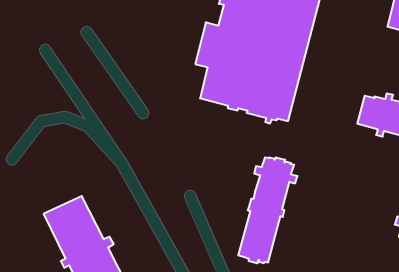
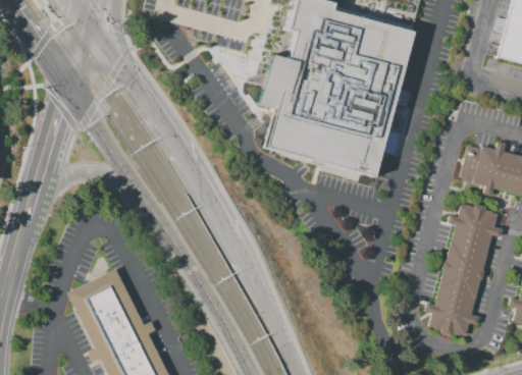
building: [238,157,298,263] -> [429,204,504,336]

